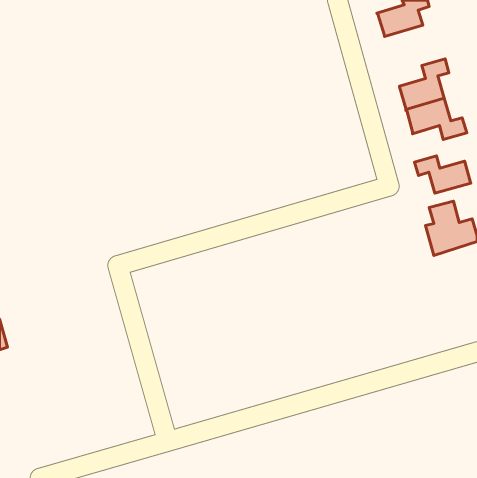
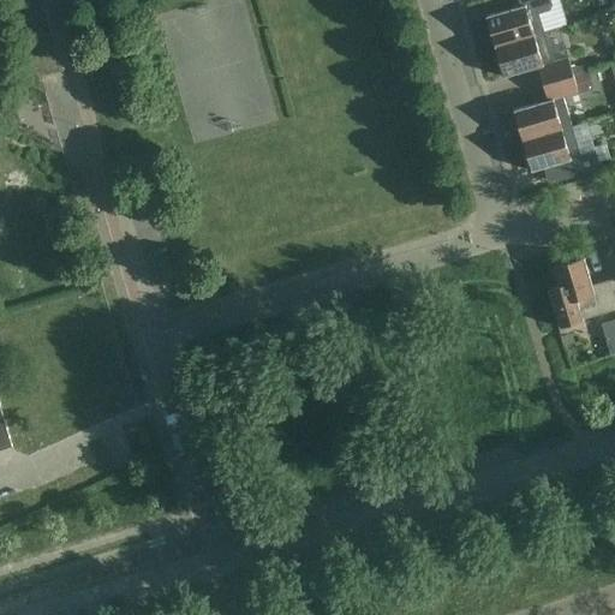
building: none -> [494,32,572,84]
building: [415,156,471,193] -> none

